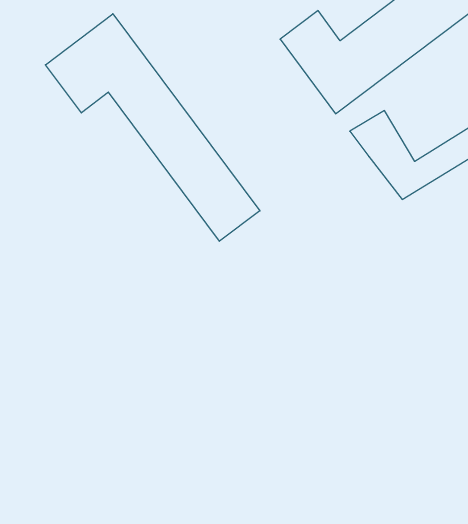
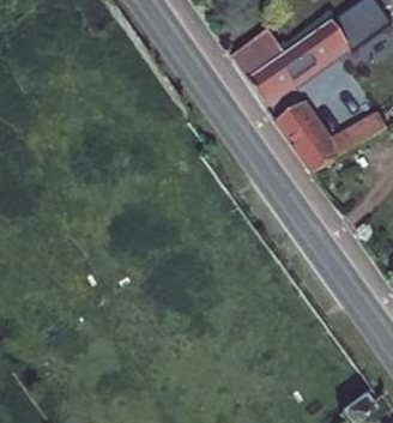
building: [45,14,260,241] -> none

